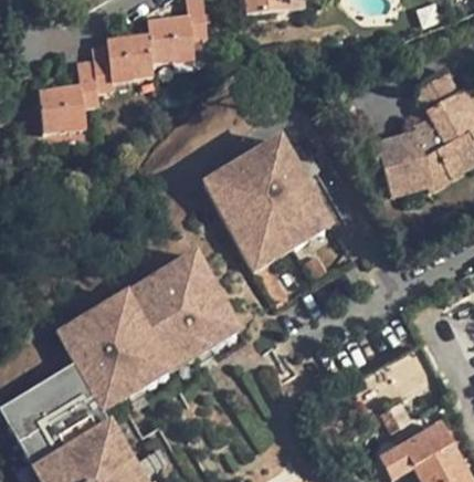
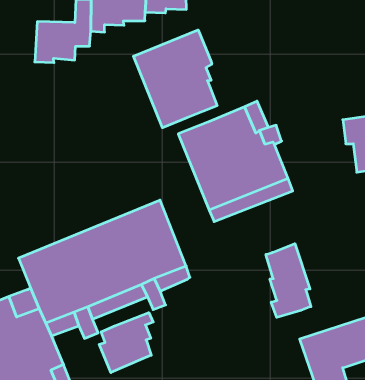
building: none -> [133,30,217,128]
building: none -> [266,244,311,317]
building: none -> [99,313,153,373]

